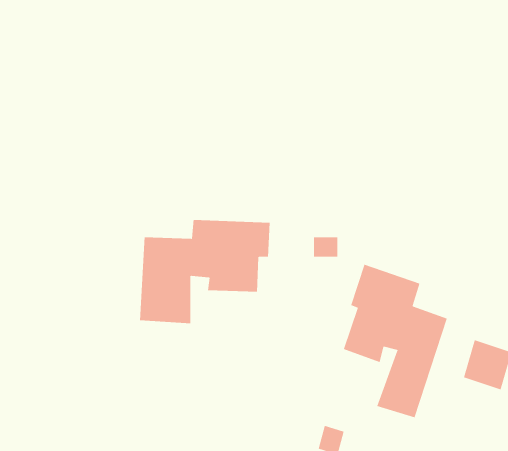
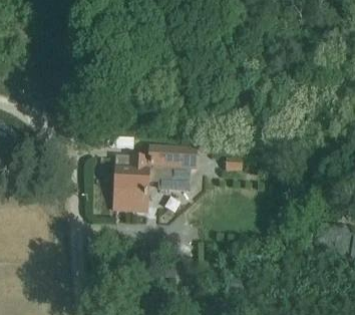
building: [343,264,447,418] -> none

